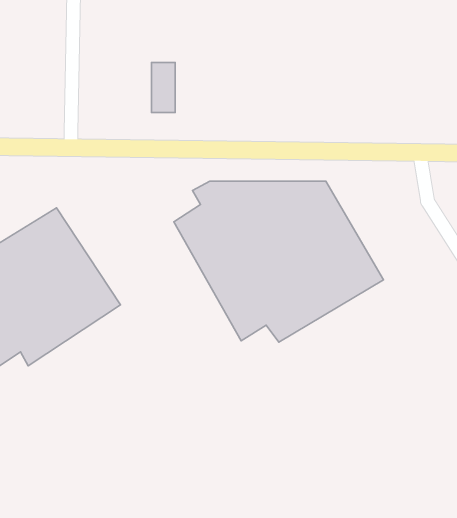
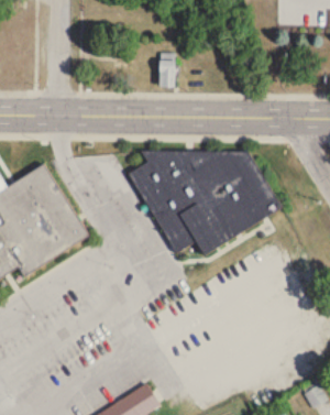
building: [152,63,175,113] -> [158,57,175,92]

